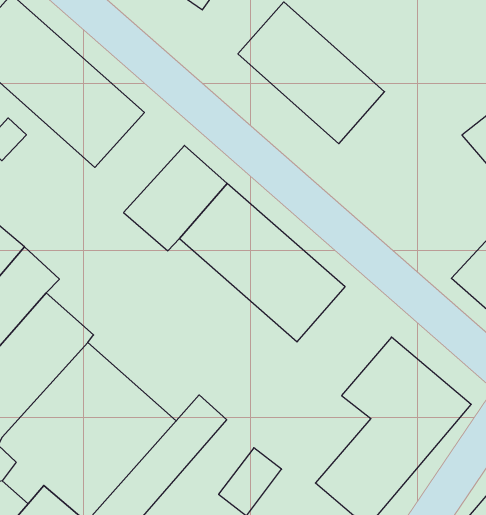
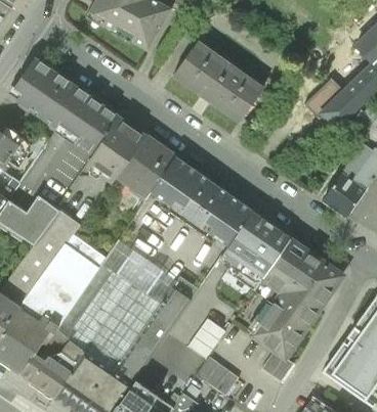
building: none -> [85,118,146,184]
building: none -> [228,211,286,277]
building: none -> [100,238,176,304]

